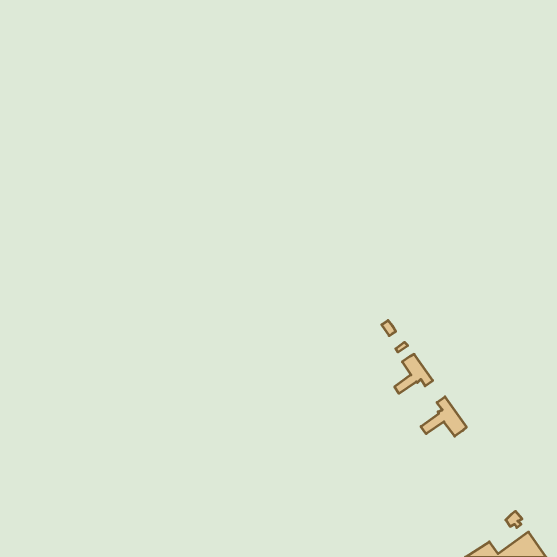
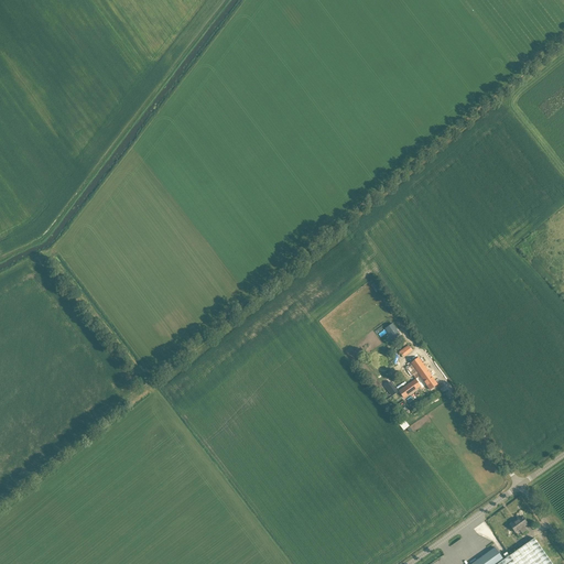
building: [421,397,466,436] -> none

